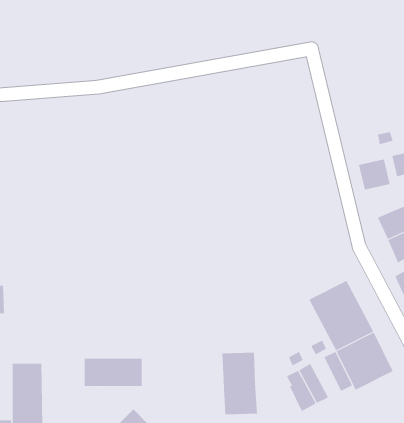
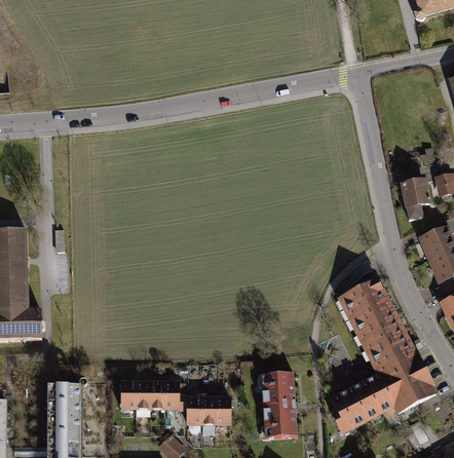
building: none -> [339,281,388,322]
building: none -> [351,381,382,422]
building: none -> [181,395,233,427]

